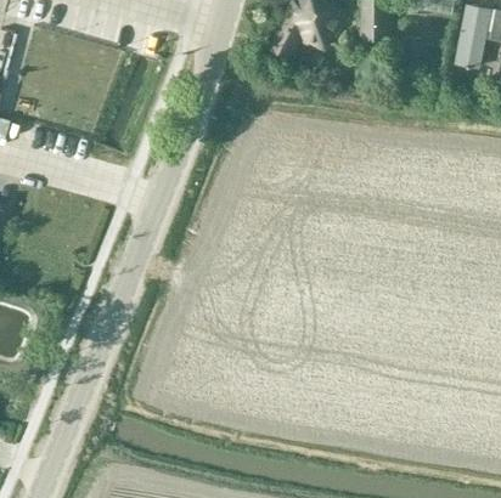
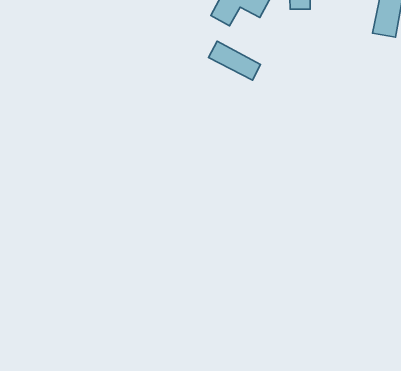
building: none -> [208,41,260,80]

